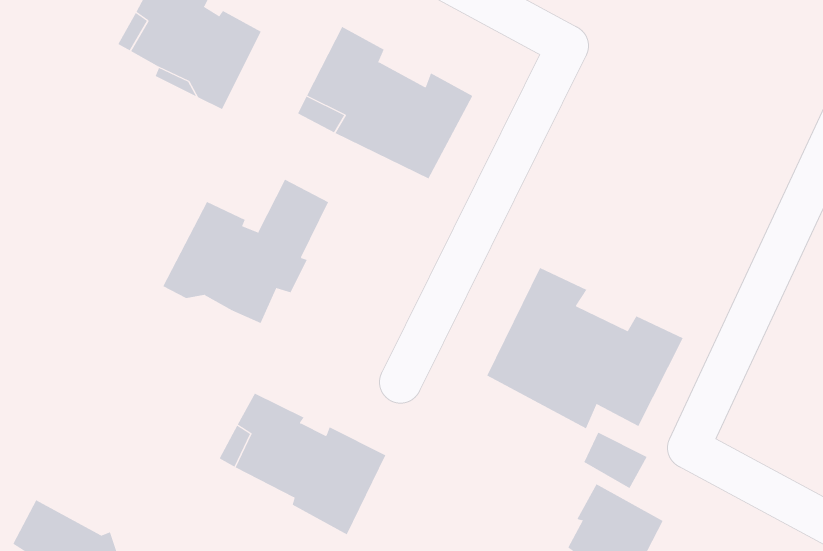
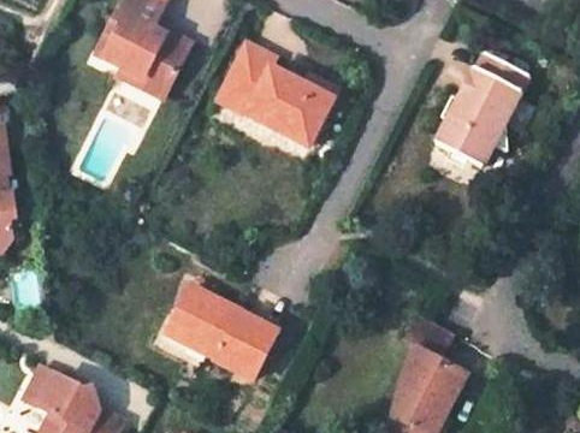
building: none -> [432,53,528,168]
building: [162,179,329,324] -> none
building: [487,267,683,429] -> none

